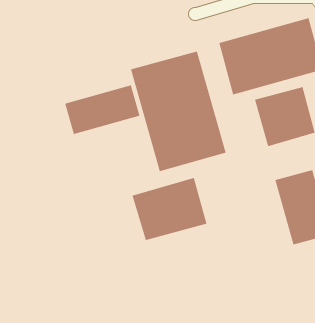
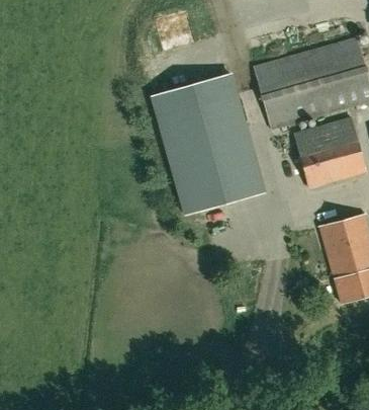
building: [64,84,140,135] -> none
building: [132,177,207,241] -> none

